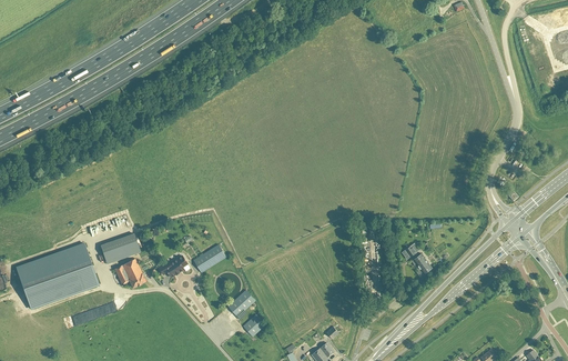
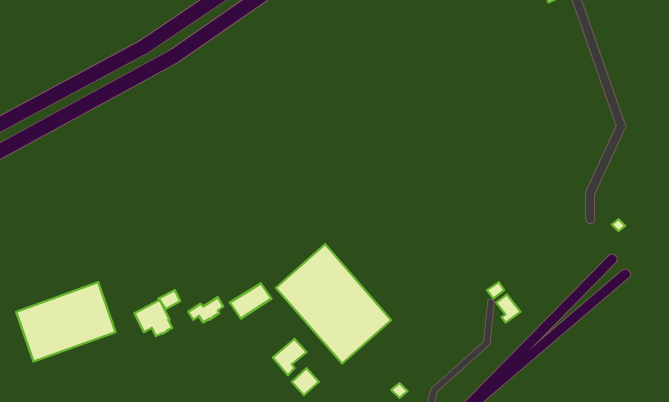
building: none -> [276,244,391,364]
building: [100,234,140,263] -> none

